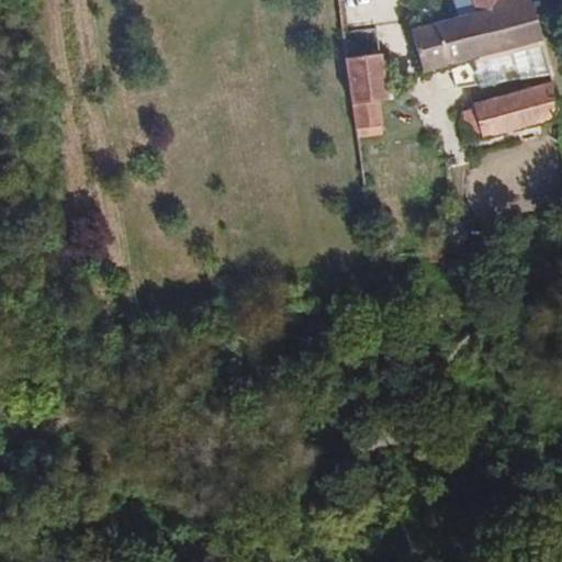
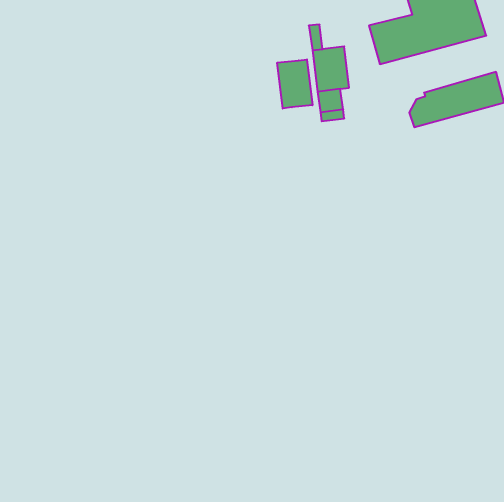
building: none -> [277,59,312,109]

